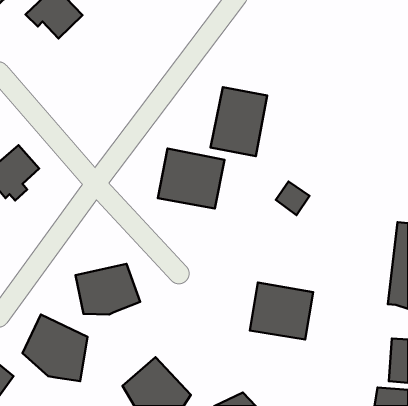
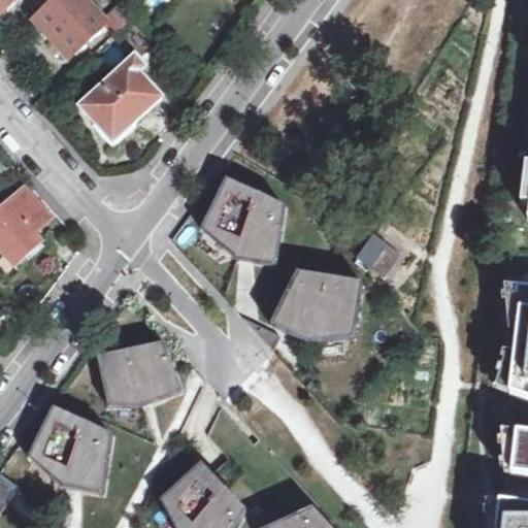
building: none -> [79,59,160,141]
building: [210,87,267,156] -> none
building: [250,282,313,339] -> [279,277,361,351]

